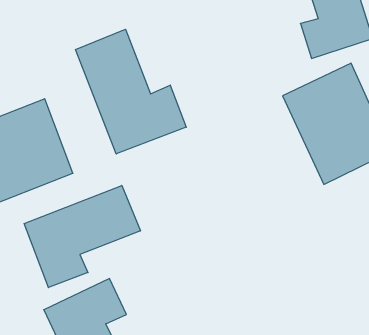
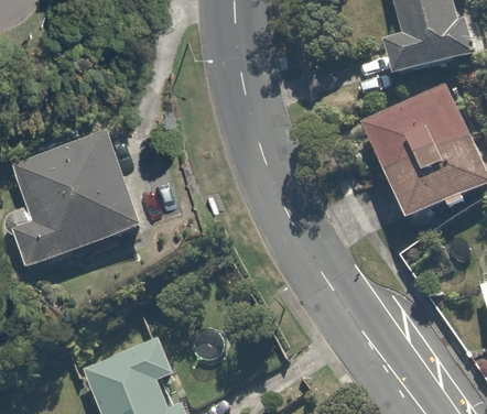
building: [76,29,186,154] -> none
building: [24,185,140,288] -> none

